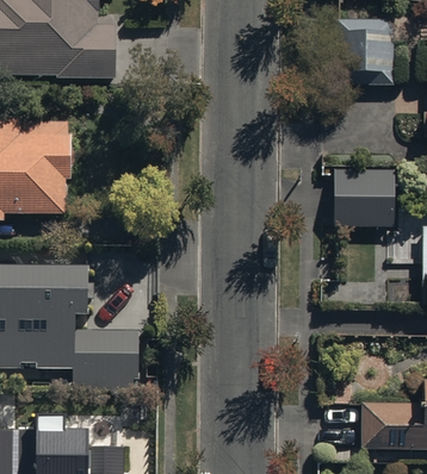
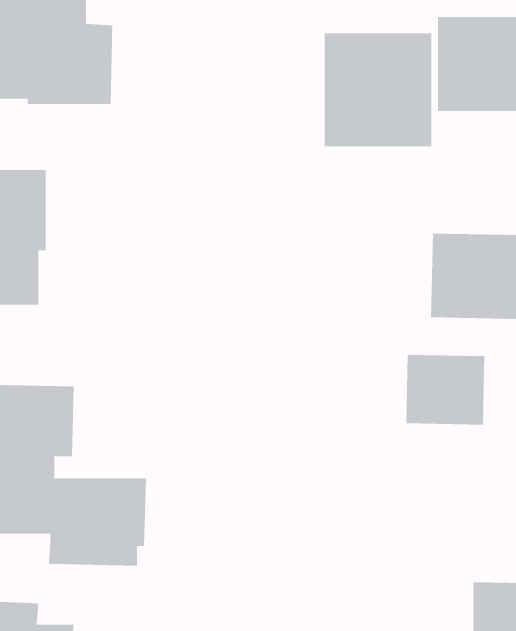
building: none -> [324,32,432,147]
building: none -> [406,354,485,425]

